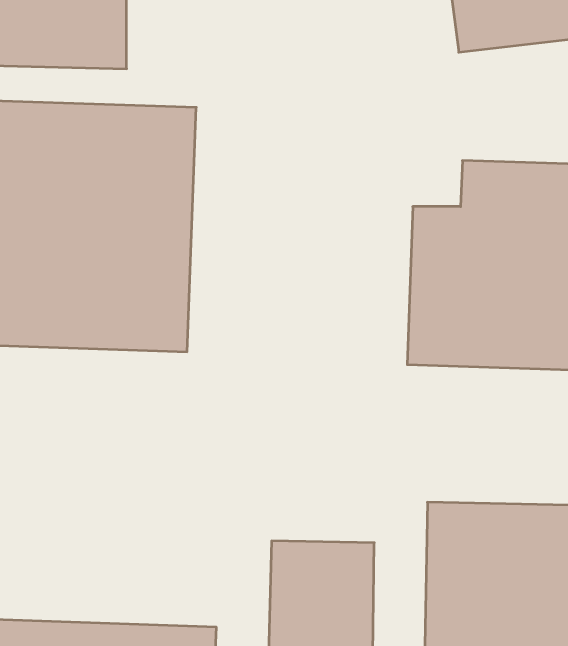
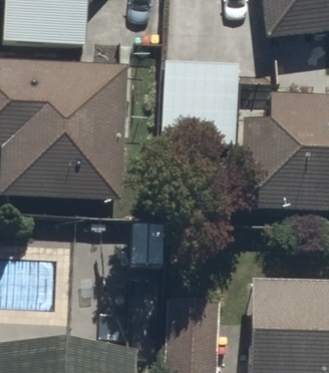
building: none -> [162,59,239,143]

